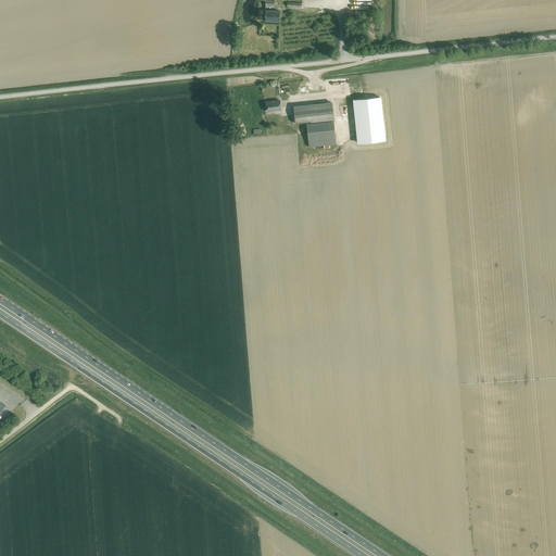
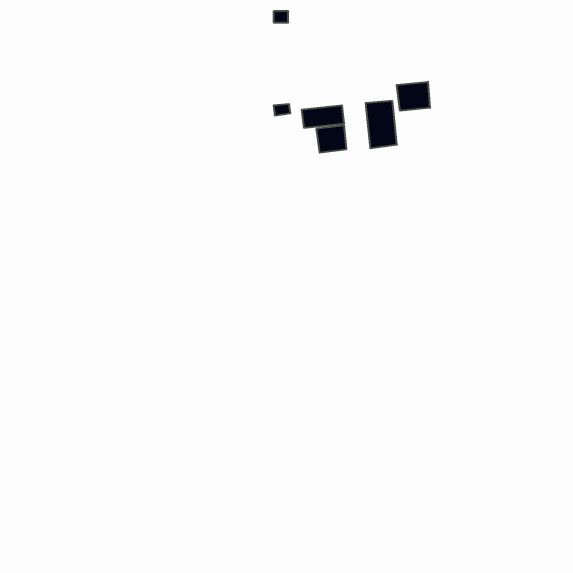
building: none -> [397,82,430,111]

